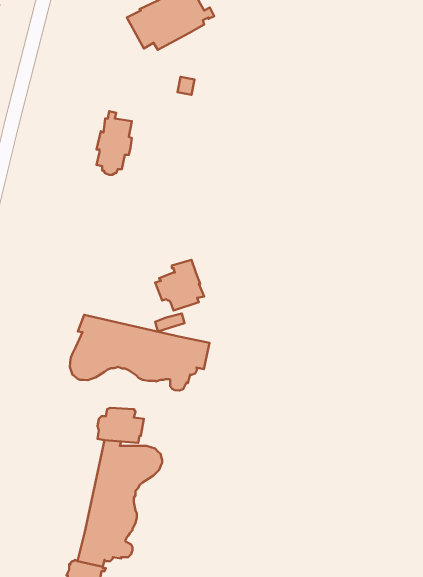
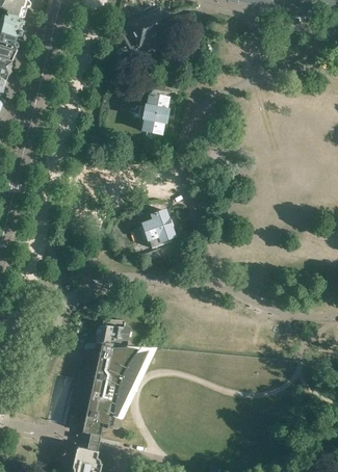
building: [97,111,132,175] -> [142,90,168,137]
building: [70,315,210,391] -> none

